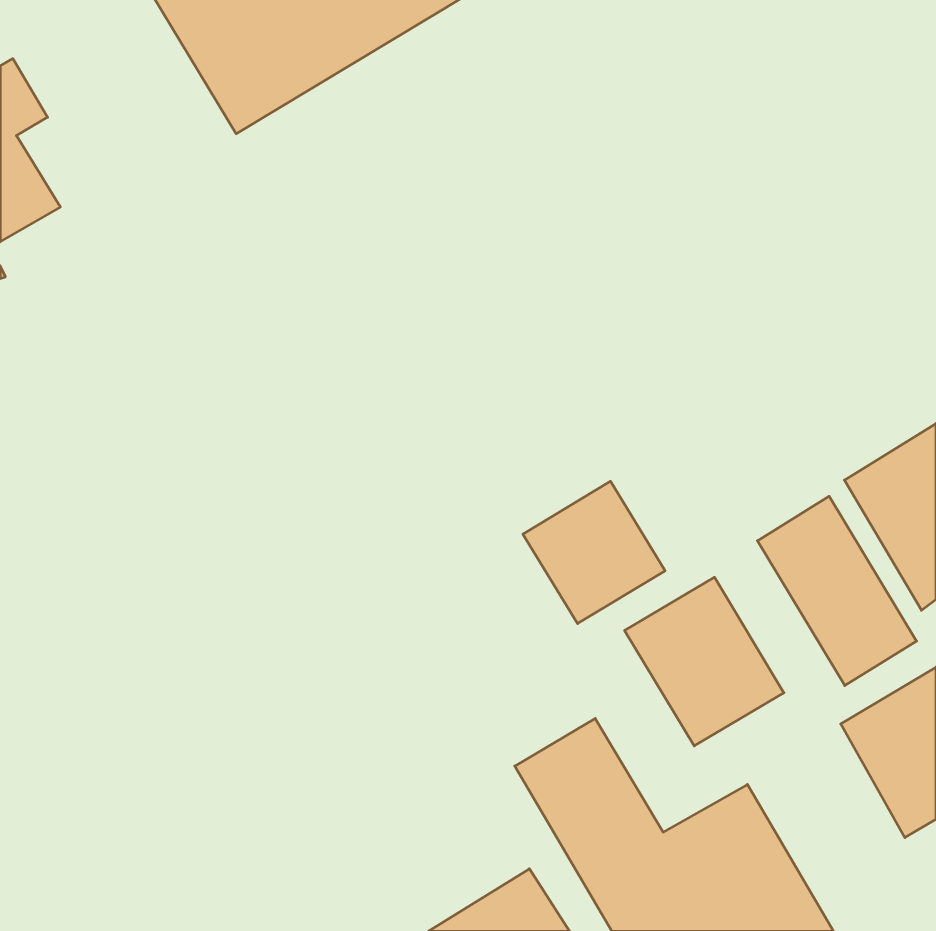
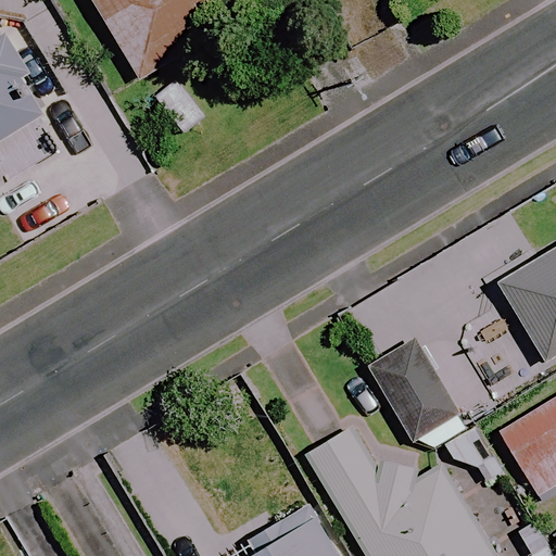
building: [523,481,665,624] -> none
building: [757,496,917,686] -> none

